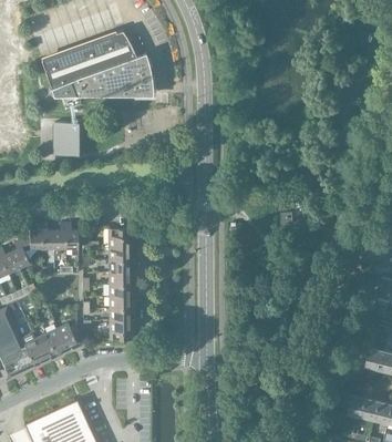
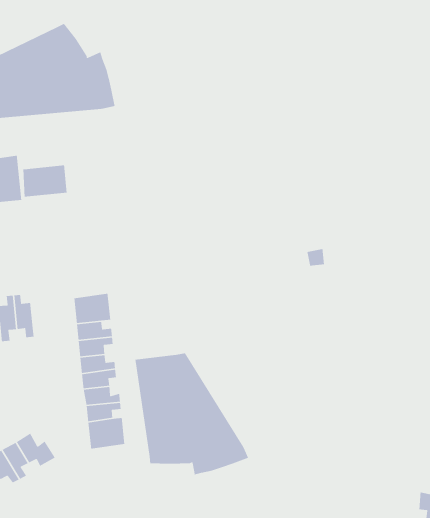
building: none -> [22,165,68,198]
building: none -> [134,353,249,476]

